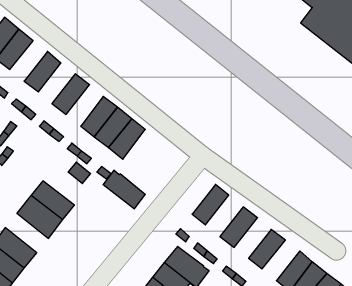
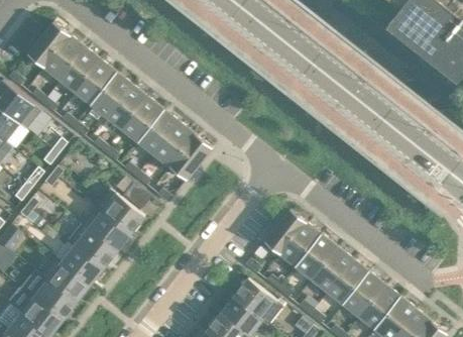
building: none -> [59,47,101,93]
building: none -> [91,73,132,118]
building: none -> [122,97,163,143]
building: [103,170,145,209] -> [96,189,143,232]
building: none -> [278,221,321,267]
building: none -> [53,241,102,286]
building: none -> [311,246,352,292]
building: none -> [342,271,384,317]

